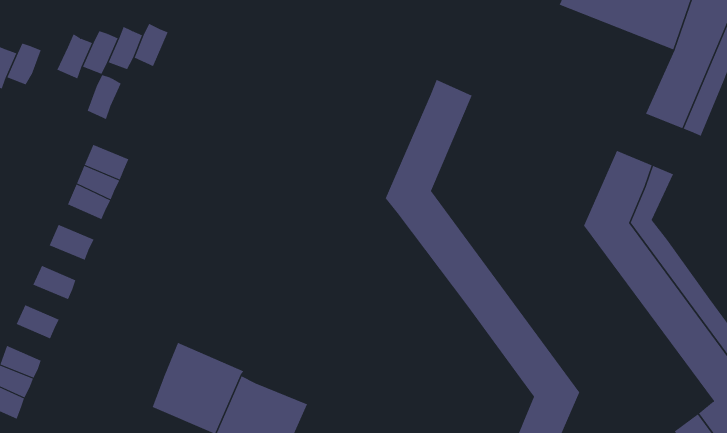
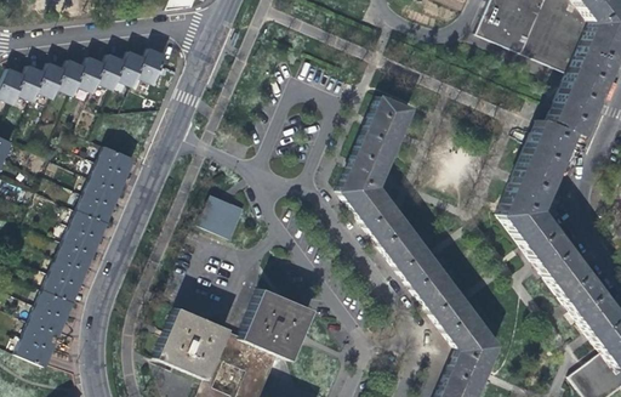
building: [87,74,122,120] -> [57,59,85,96]
building: none -> [534,120,585,169]
building: none -> [78,193,113,221]
building: none -> [195,194,241,237]
building: none -> [64,226,99,254]
building: none -> [51,257,86,285]
building: none -> [237,287,310,358]
building: none -> [36,289,72,318]

